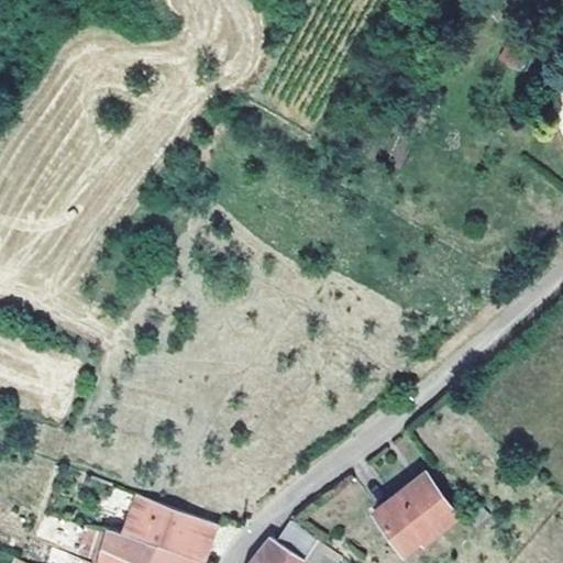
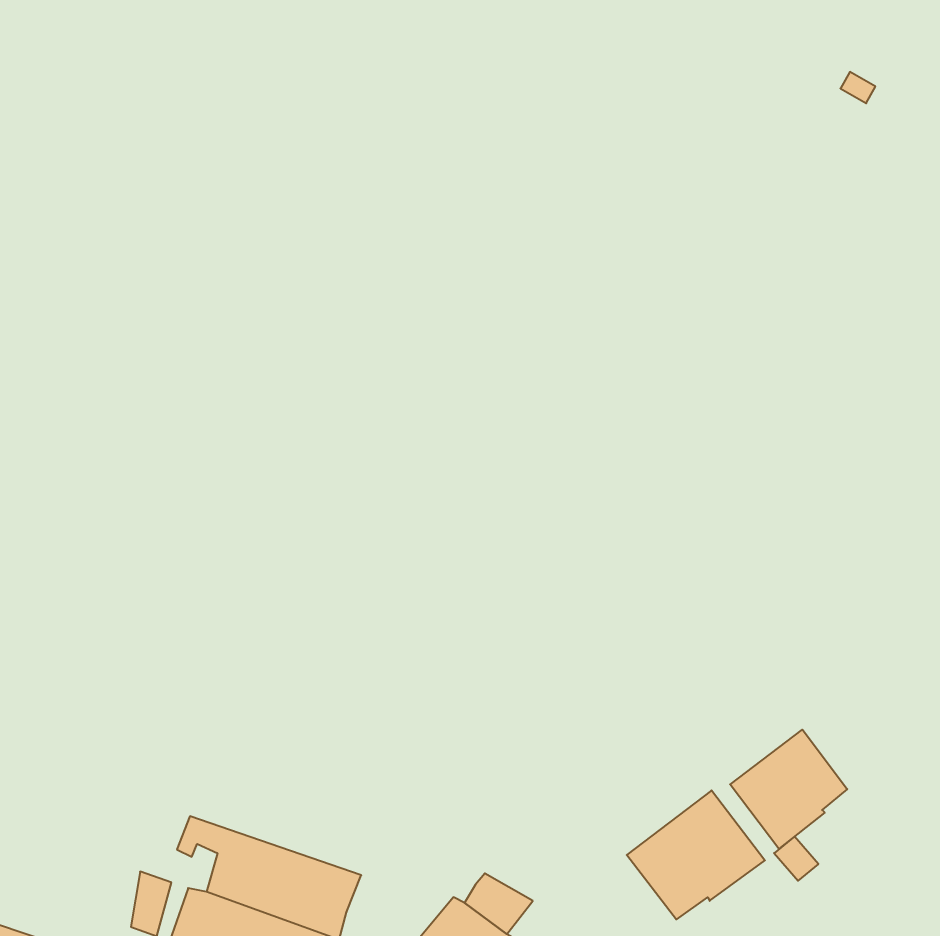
building: none -> [730,730,847,849]

